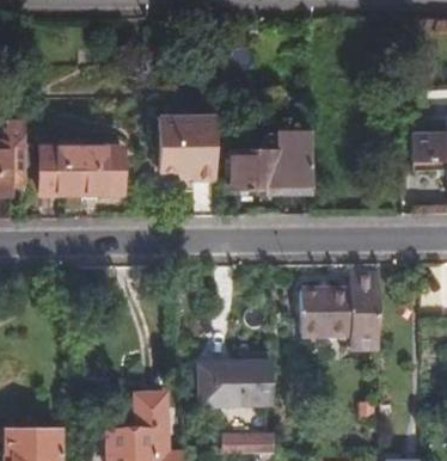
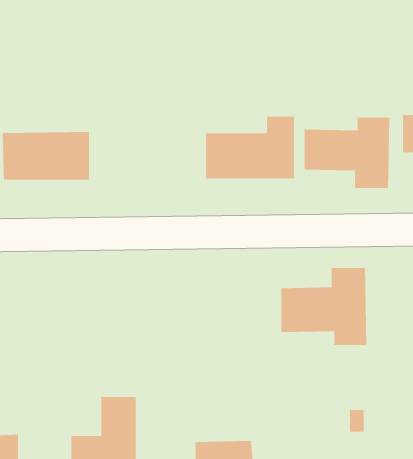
building: [160,115,218,178] -> none
building: none -> [304,117,390,189]
building: [200,355,274,402] -> none

